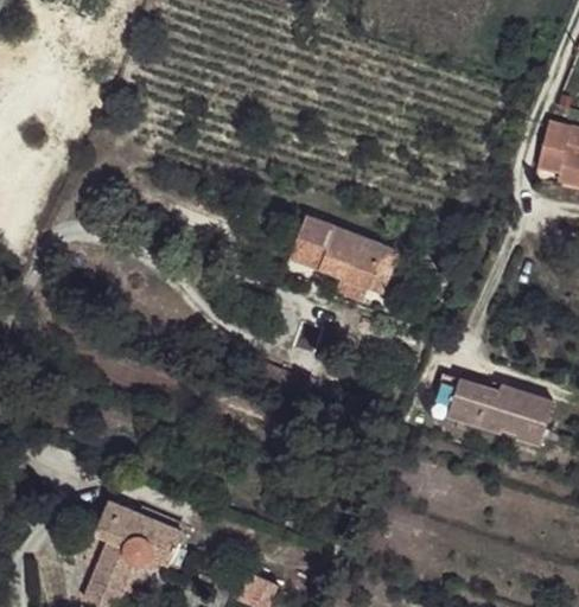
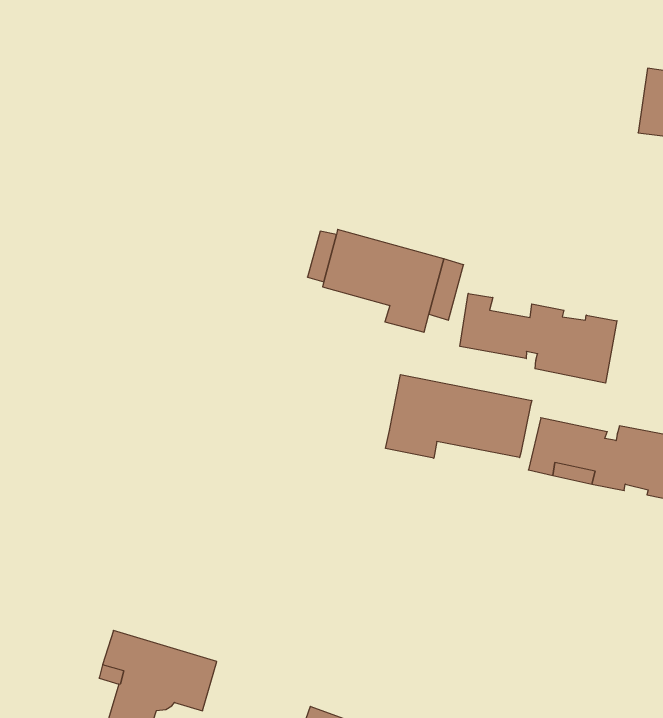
building: none -> [460,293,617,383]
building: none -> [386,375,532,458]

